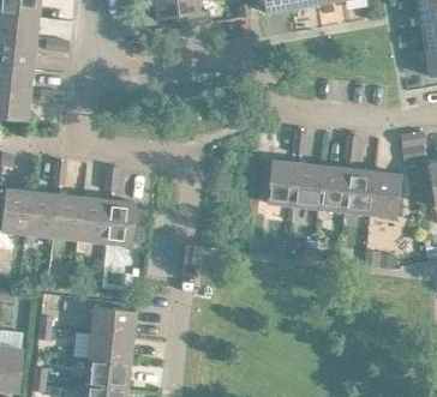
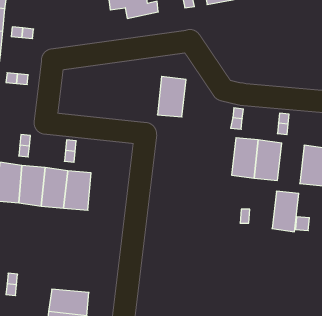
building: [267,160,299,205] -> [157,76,186,117]
building: [346,169,376,215] -> [272,191,299,232]
building: [91,306,136,337] -> none

